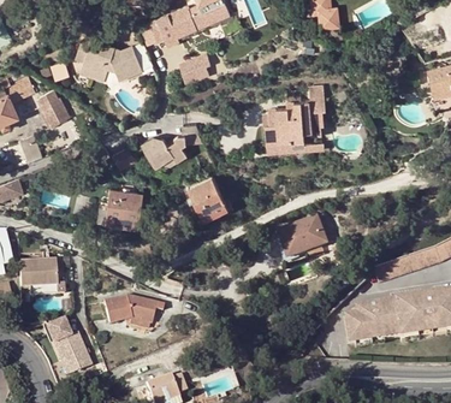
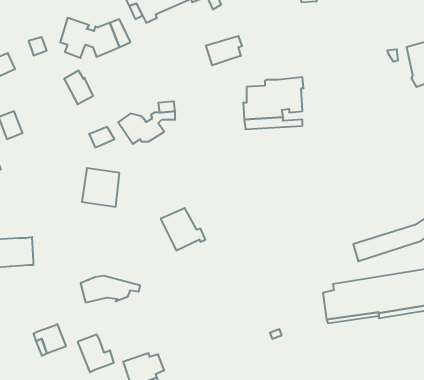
building: [179,52,215,81] -> [206,36,242,65]
building: [38,89,67,123] -> [64,70,93,104]
building: [188,177,232,219] -> [161,208,205,250]
building: [277,215,328,257] -> none
building: [44,316,81,354] -> [78,335,114,372]

